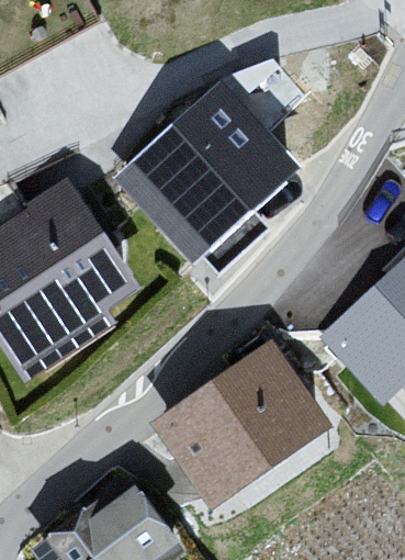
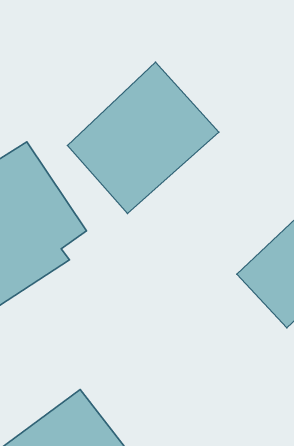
building: [150,337,333,506] -> none

